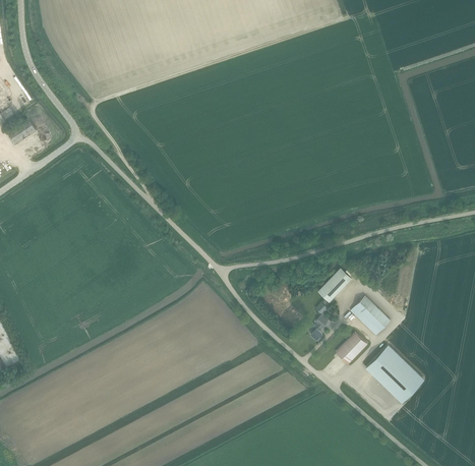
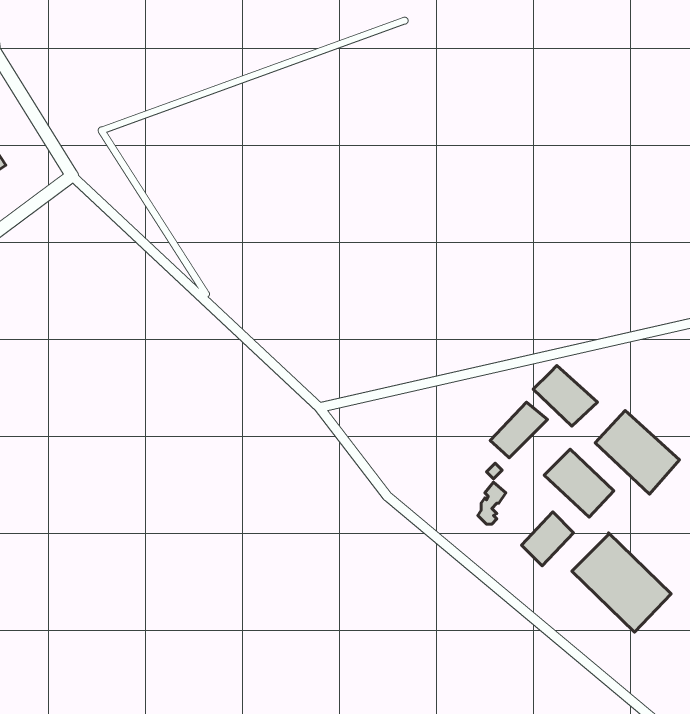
building: none -> [533,365,597,426]
building: none -> [595,411,680,494]

